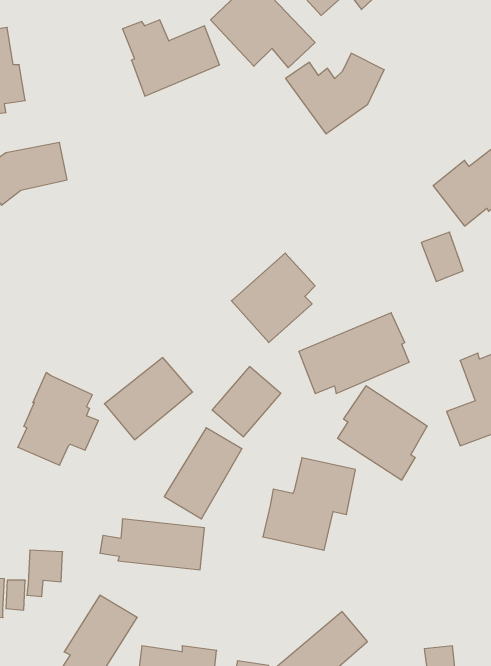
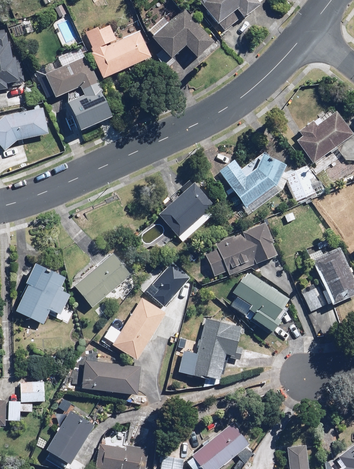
building: none -> [32,48,113,131]
building: [286,53,384,134] -> [219,154,285,208]

